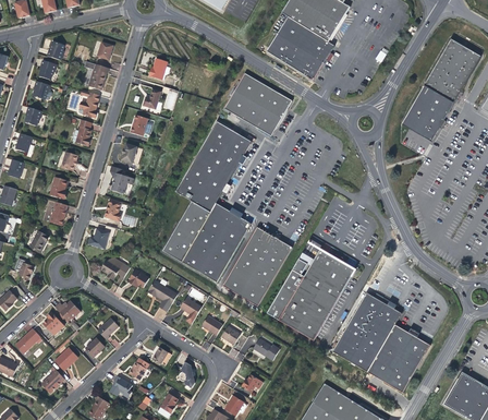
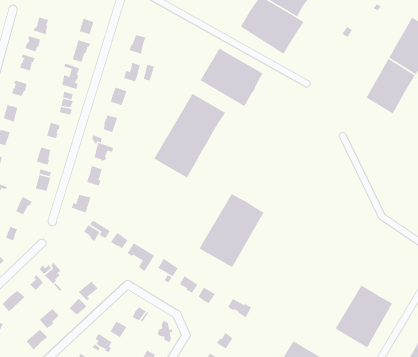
building: [162,203,252,283] -> none
building: [267,250,356,340] -> none
building: [331,291,401,371] -> none

